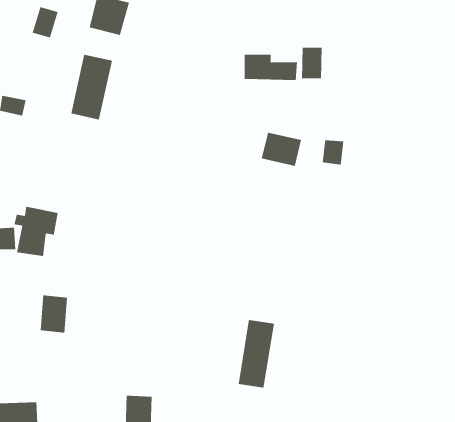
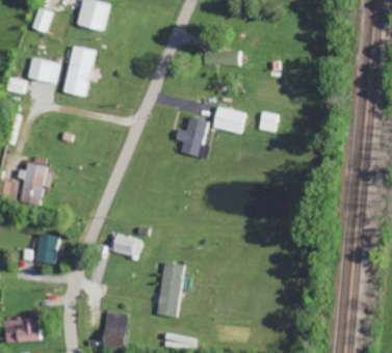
building: [301,47,322,79] -> none
building: none -> [28,57,61,84]
building: none -> [175,116,210,159]
building: none -> [111,235,141,256]
building: [238,319,275,388] -> [157,263,186,317]

